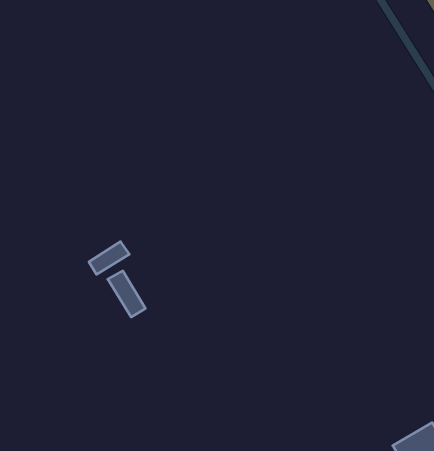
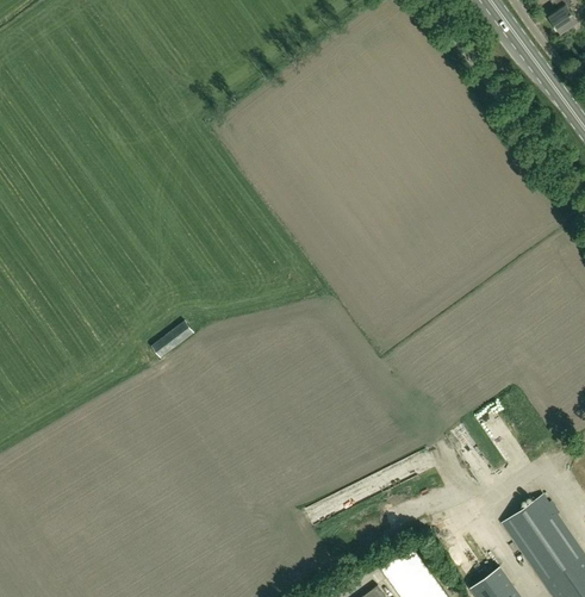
building: [108,271,145,317] -> none

